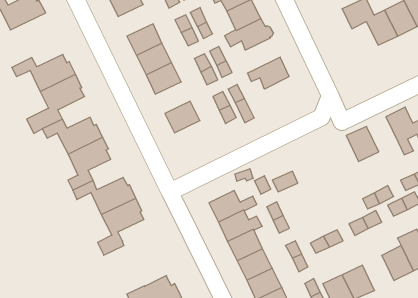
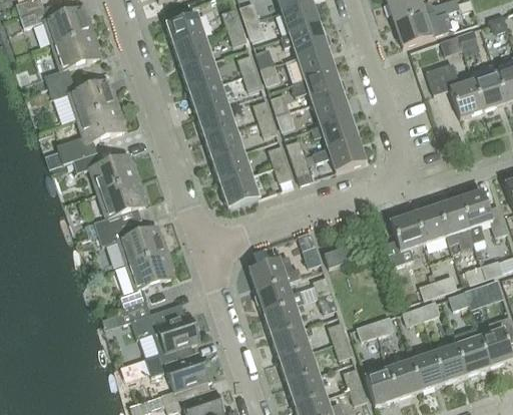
building: none -> [174,36,212,69]
building: none -> [44,31,99,87]
building: none -> [312,92,350,125]
building: none -> [314,138,365,171]
building: none -> [204,128,242,161]
building: none -> [436,197,469,245]
building: none -> [220,174,259,208]
building: none -> [384,213,422,266]
building: none -> [120,303,198,353]
building: none -> [411,352,444,390]

